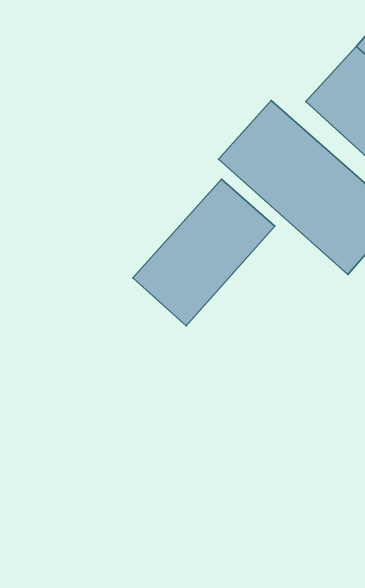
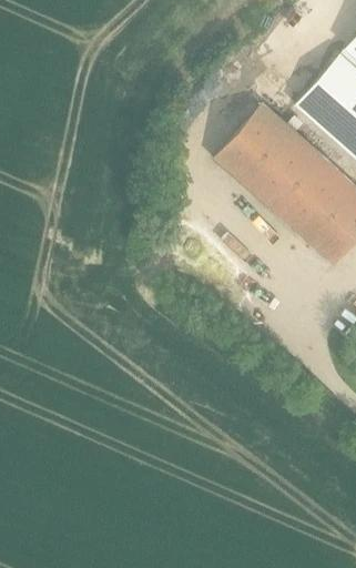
building: [133,179,275,326] -> none

